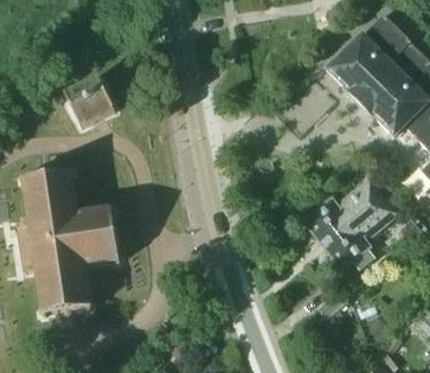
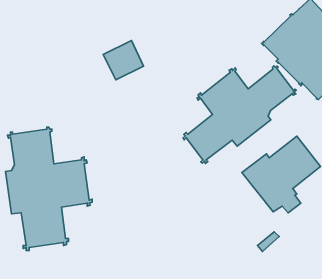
building: [66,78,115,126] -> [103,41,143,80]
building: none -> [183,66,296,164]

